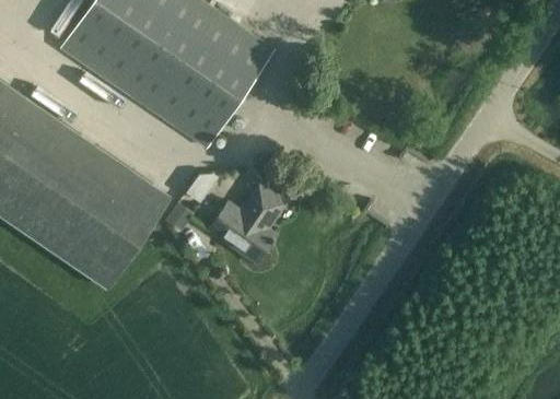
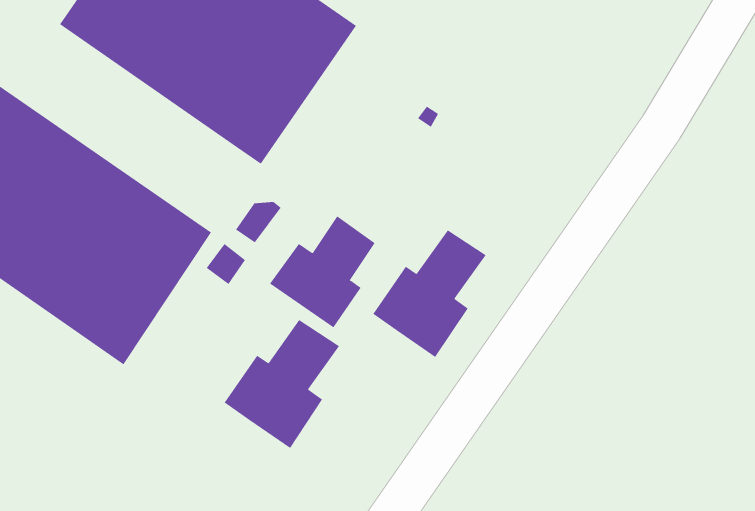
building: none -> [372,229,486,358]
building: none -> [224,319,340,449]

